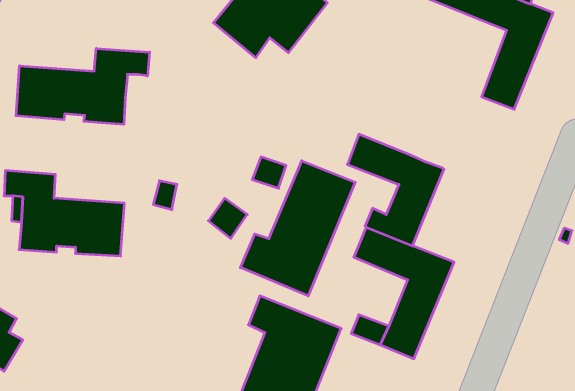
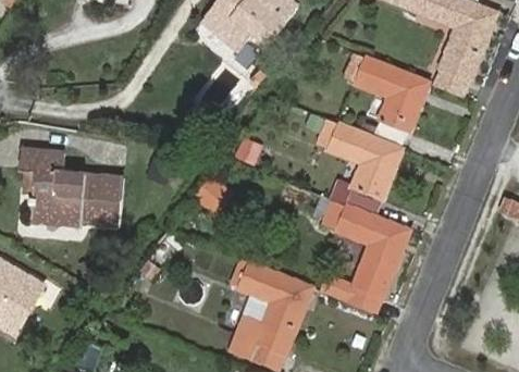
building: [16,48,150,124] -> none
building: none -> [343,53,428,148]
building: [240,161,355,296] -> none

